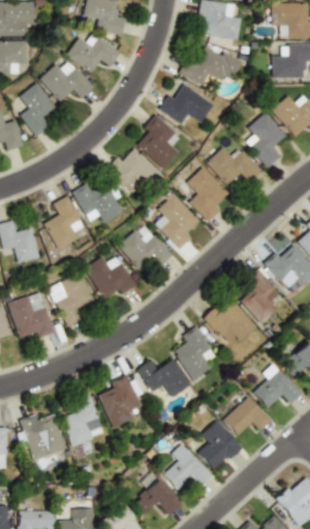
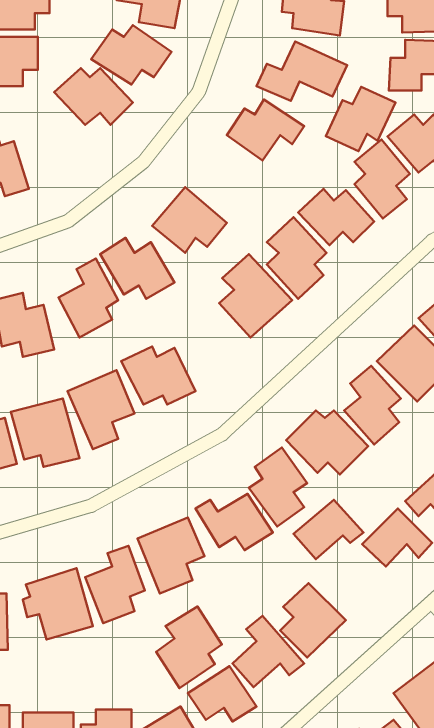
building: none -> [326,87,395,151]
building: [17,83,56,137] -> none
building: [140,114,181,169] -> none
building: [120,227,174,270] -> none
building: [222,397,271,438] -> [294,500,364,559]
building: none -> [156,607,222,688]

